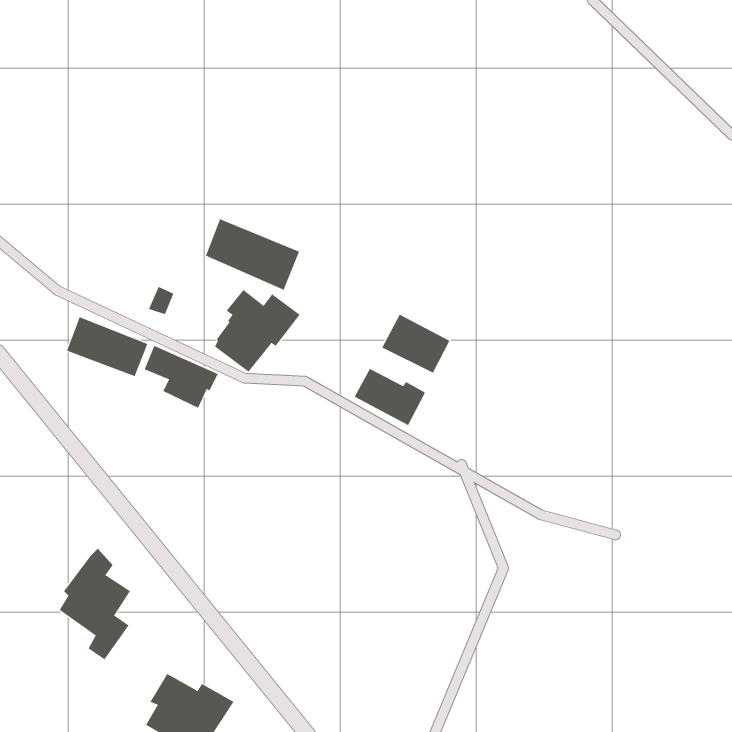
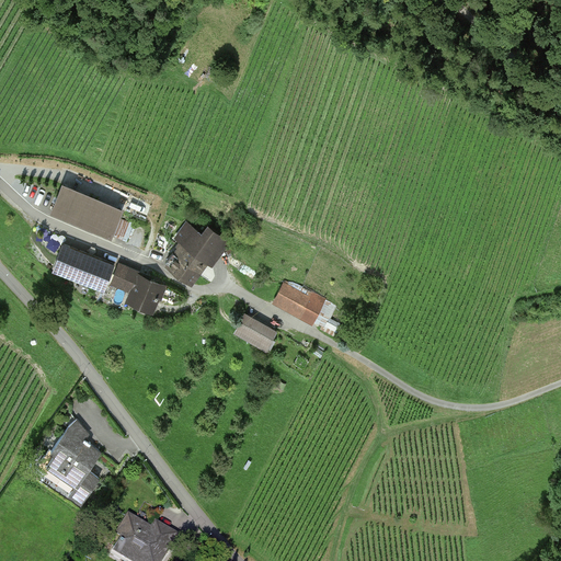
building: [205,218,300,290] -> [49,183,122,238]
building: [382,314,450,374] -> none
building: none -> [232,313,276,351]

